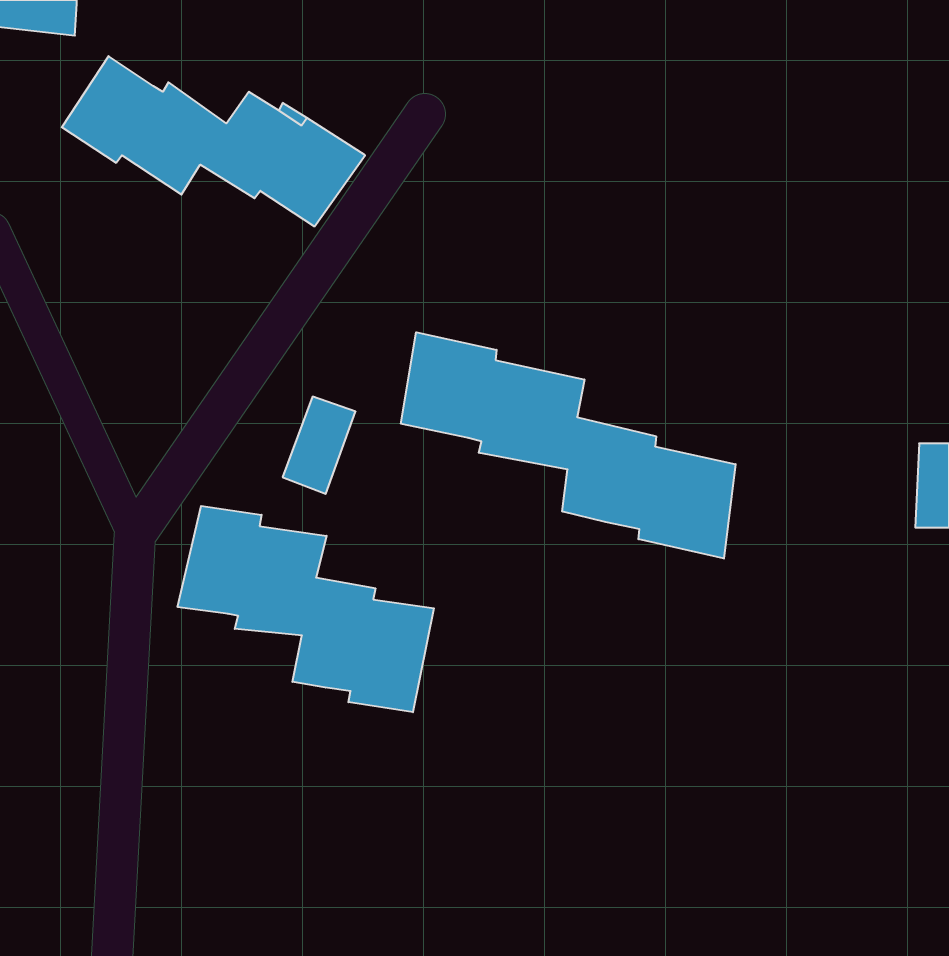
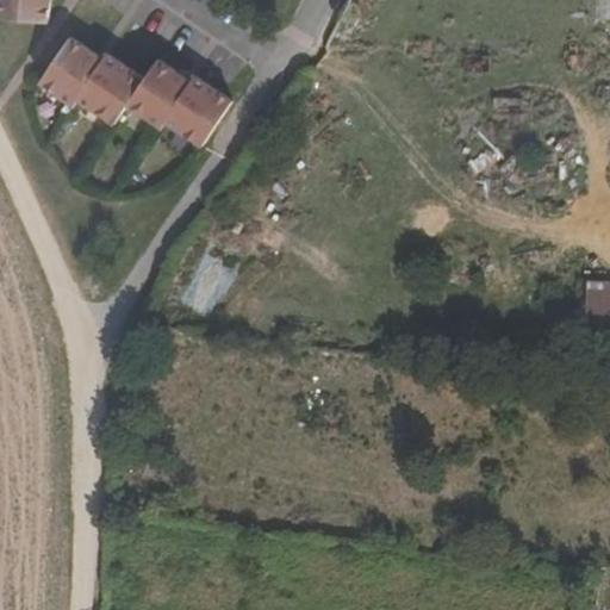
building: [401,332,736,559] -> none
building: [178,506,434,712] -> none

